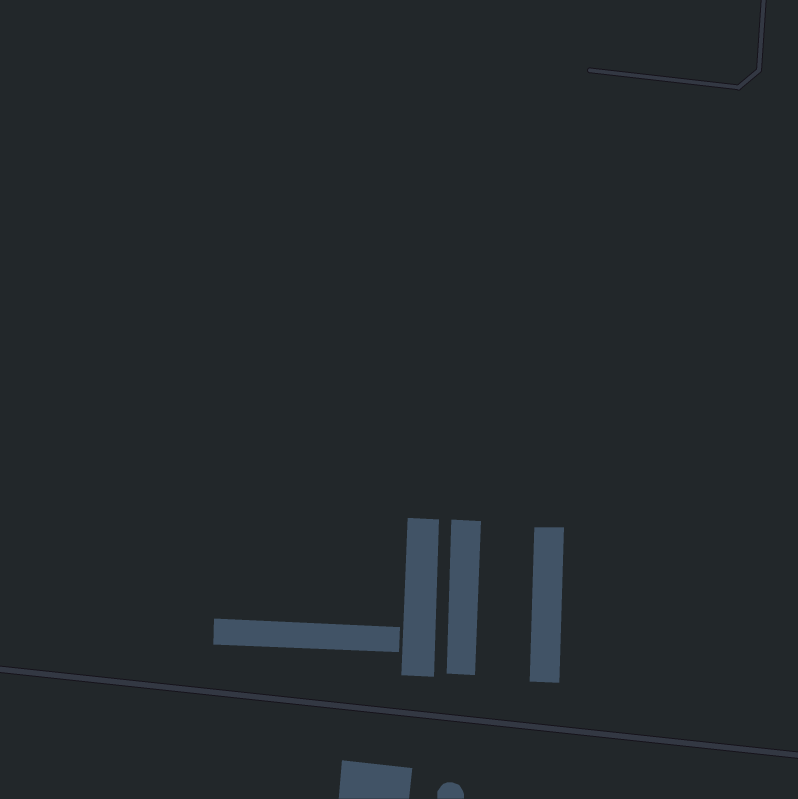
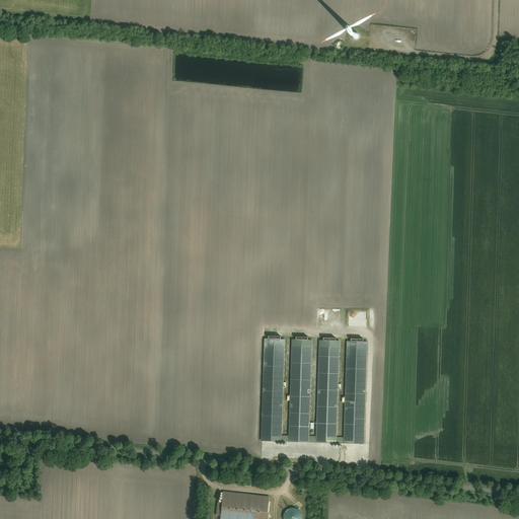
building: none -> [313,340,339,443]
building: [213,618,400,653] -> none

